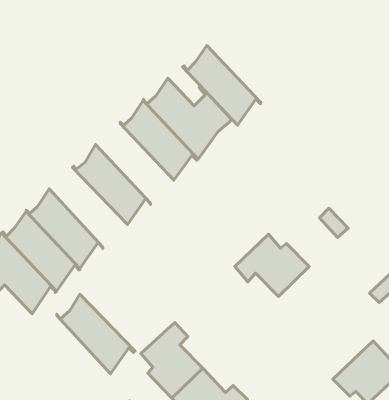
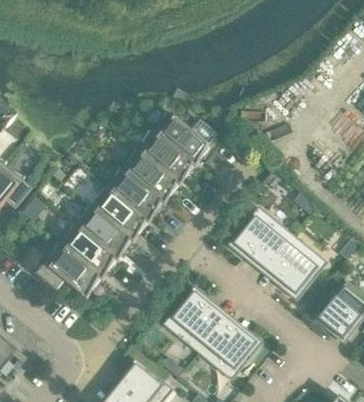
building: [183,46,261,125] -> [117,149,179,206]
building: none -> [268,238,317,297]
building: [57,294,135,374] -> [86,186,148,243]

